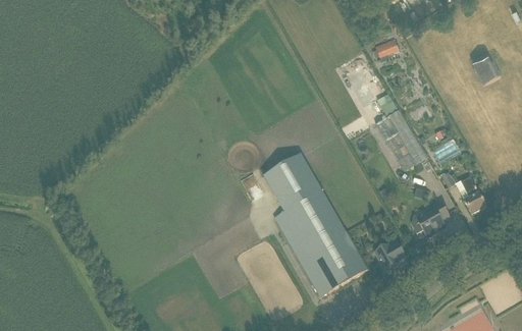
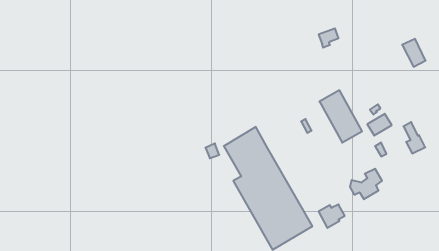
building: [462,177,487,214] -> [403,122,425,153]

